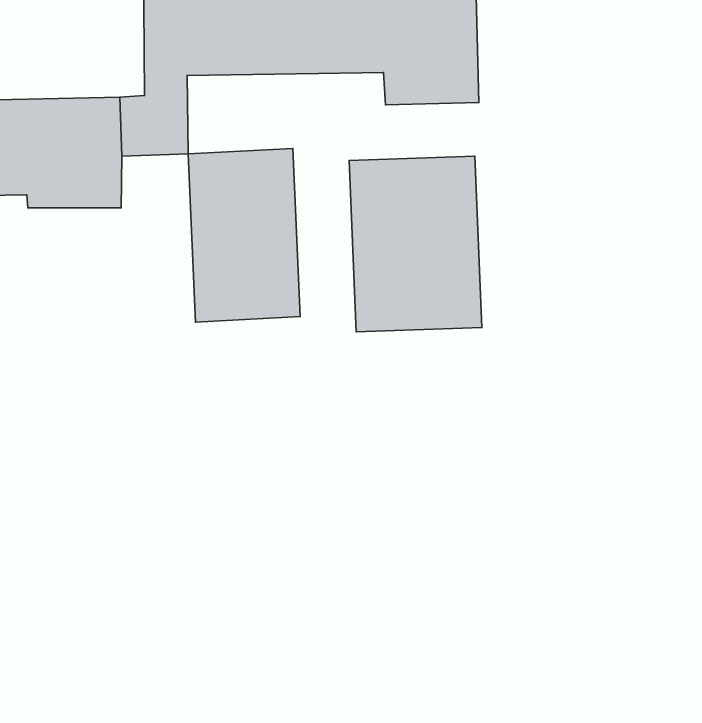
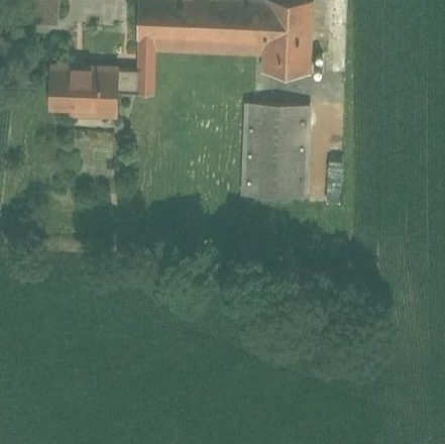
building: [188,148,300,322] -> none

